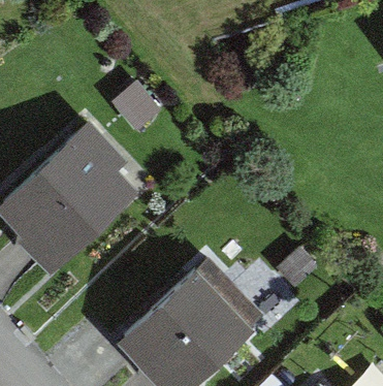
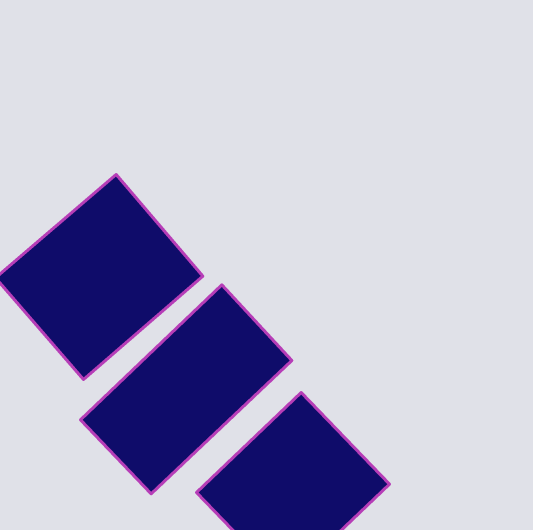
building: none -> [81,285,292,494]

